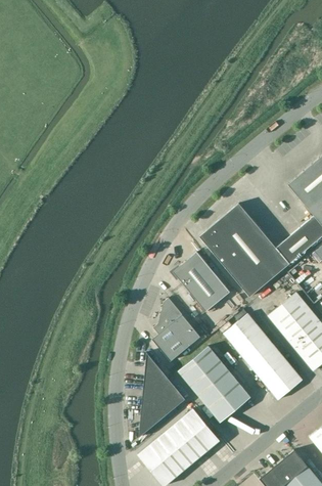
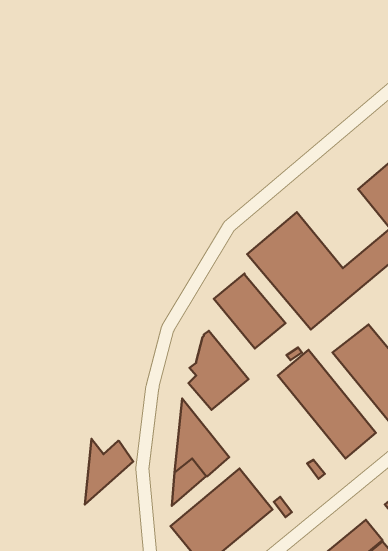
building: [179,346,250,423] -> none
building: none -> [85,439,133,504]

